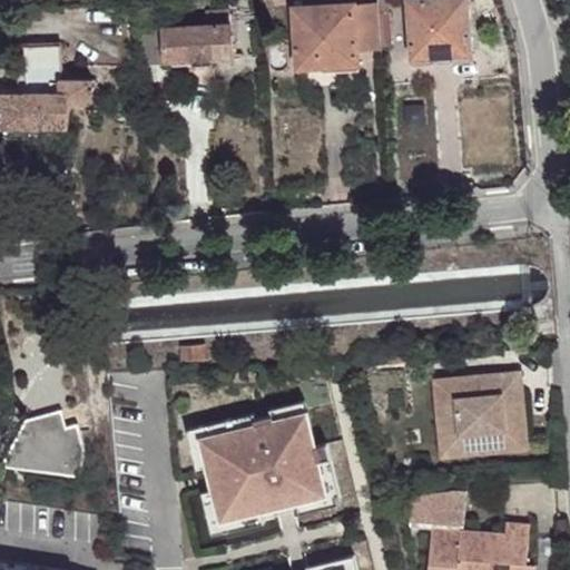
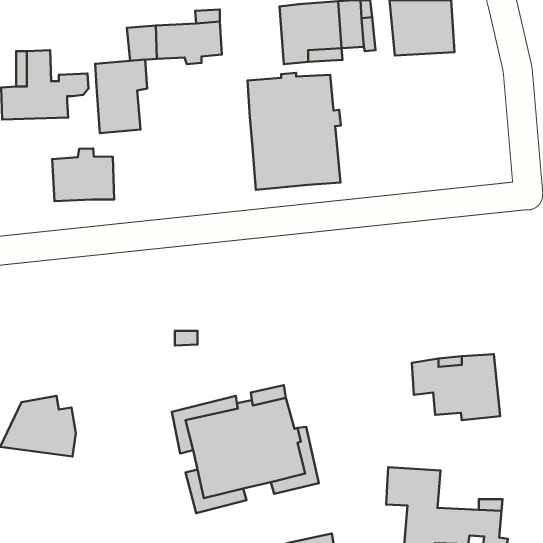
building: none -> [95,60,147,133]
building: none -> [247,73,341,190]
building: none -> [52,148,114,201]
building: [434,412,525,456] -> none

